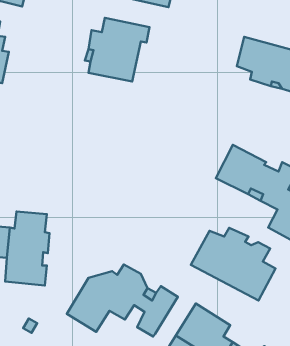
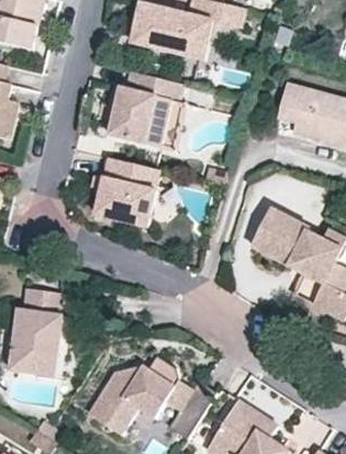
building: none -> [94,153,161,221]
building: [191,228,276,301] -> none

